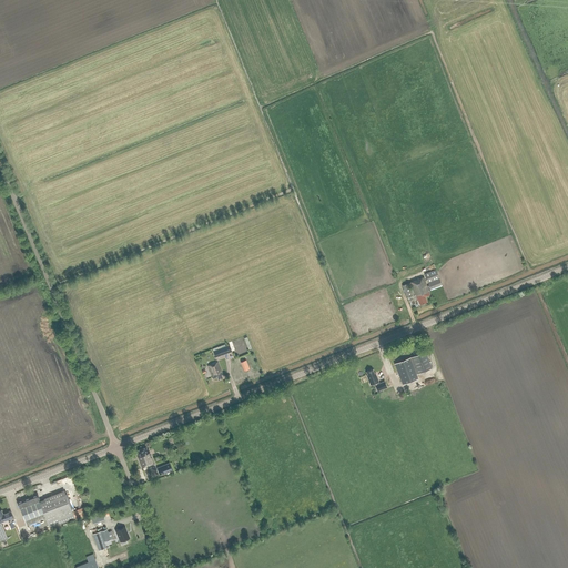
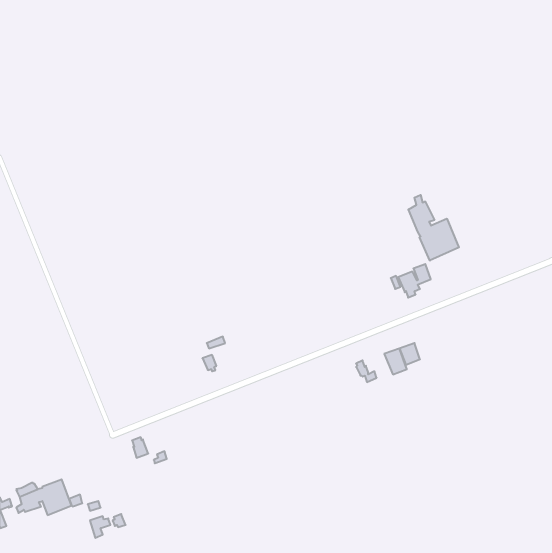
building: none -> [408,195,459,261]

